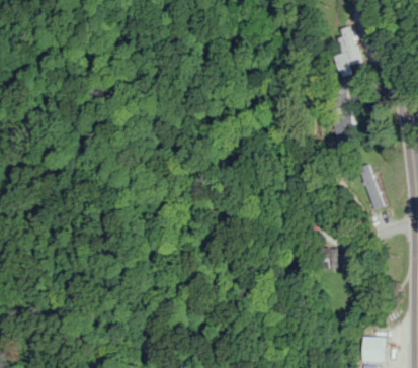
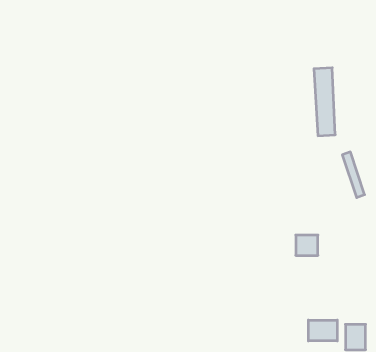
building: [335,27,360,69] -> none
building: none -> [308,320,337,341]

